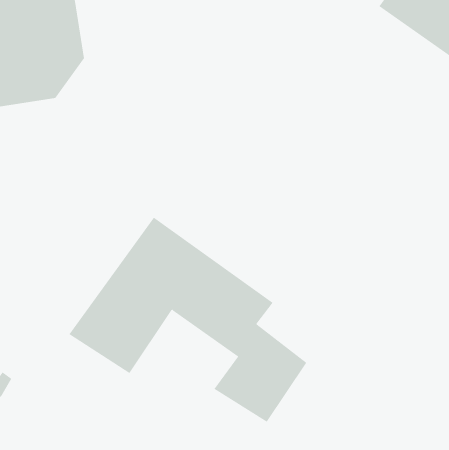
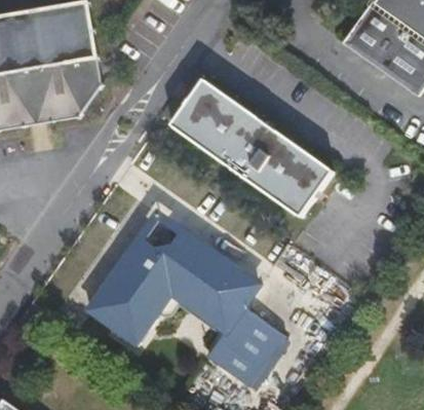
building: none -> [169,79,332,217]

